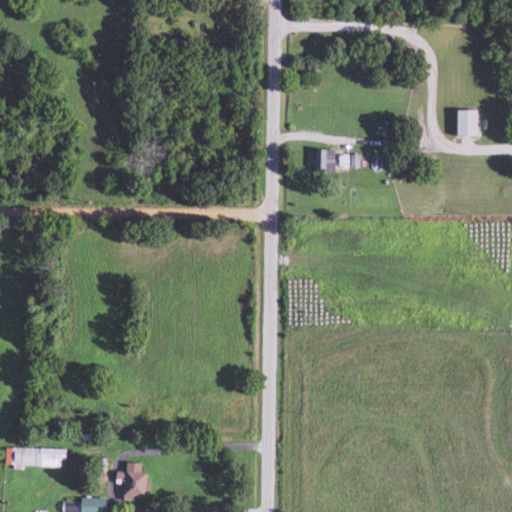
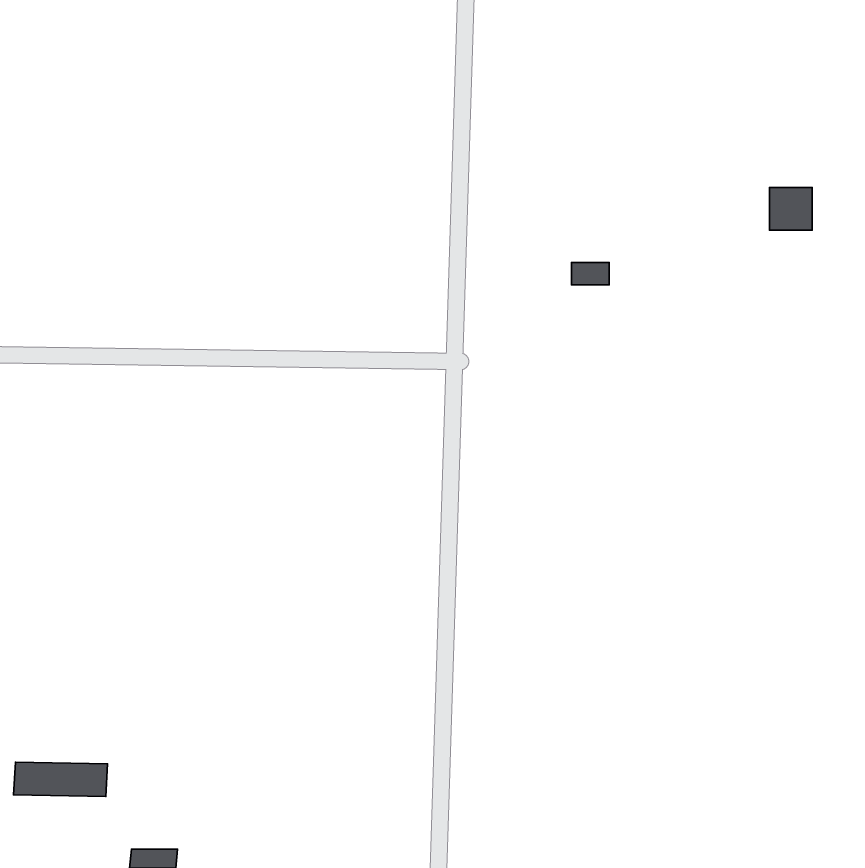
building: [312,148,336,172] -> none
building: [123,463,145,499] -> none

